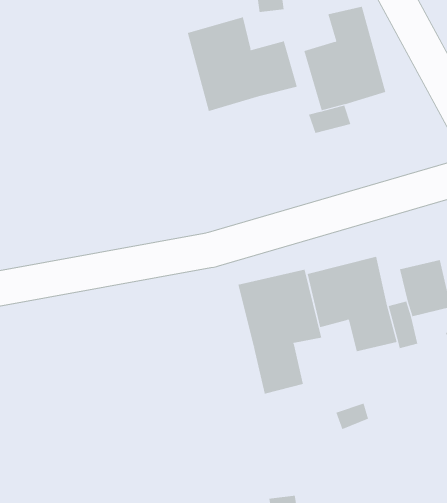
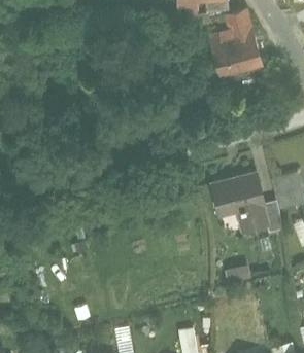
building: [187,17,298,112] -> none
building: [238,269,322,395] -> none

